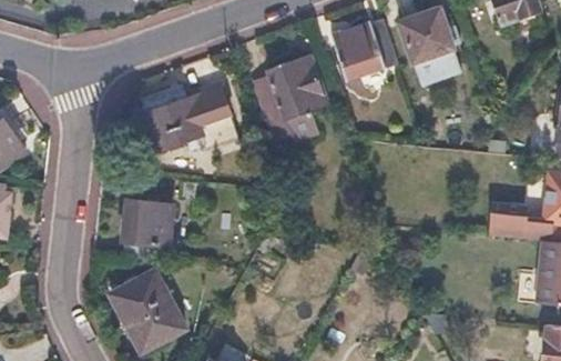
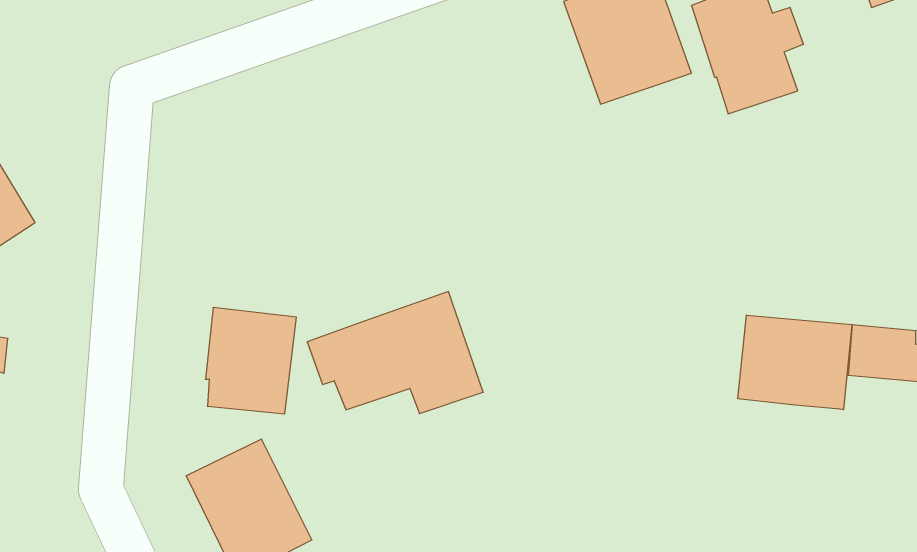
building: [255,60,328,142] -> none
building: [137,83,238,153] -> [307,292,483,414]
building: none -> [738,315,852,410]

